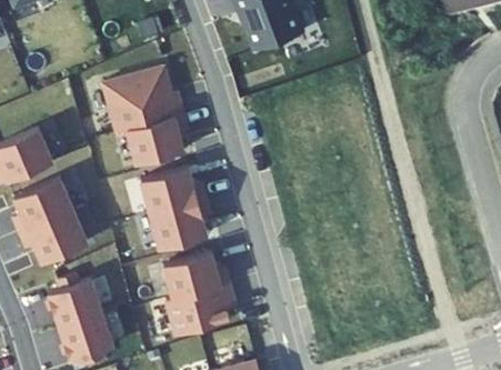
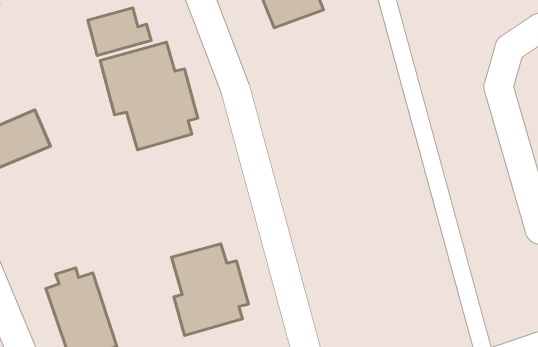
building: none -> [88,8,151,56]
building: [139,167,209,250] -> none
building: [13,178,88,263] -> none

